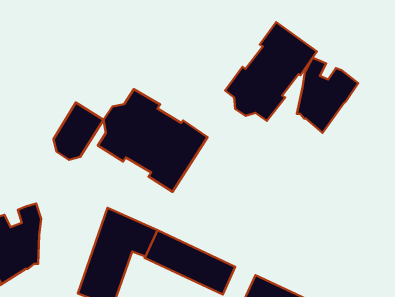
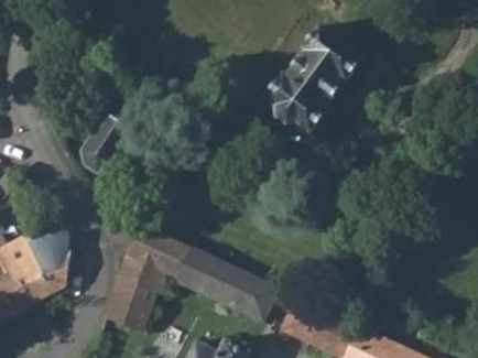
building: [297,58,358,133] -> none
building: [98,89,207,192] -> none

